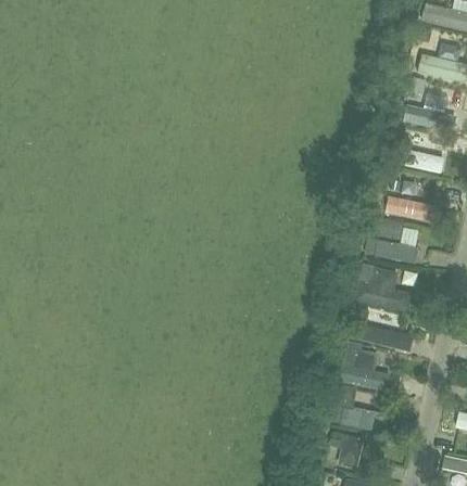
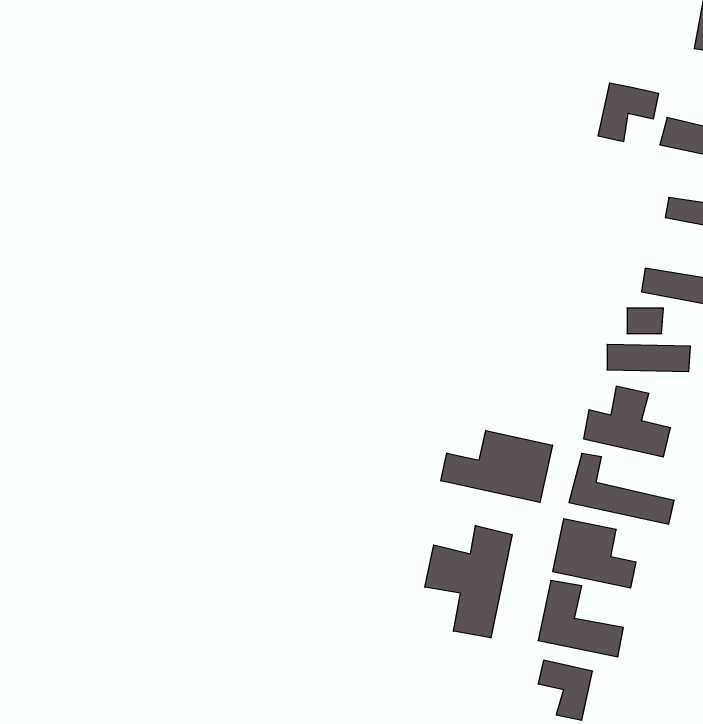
building: none -> [598,83,658,142]
building: none -> [441,430,553,503]
building: none -> [425,525,512,638]

